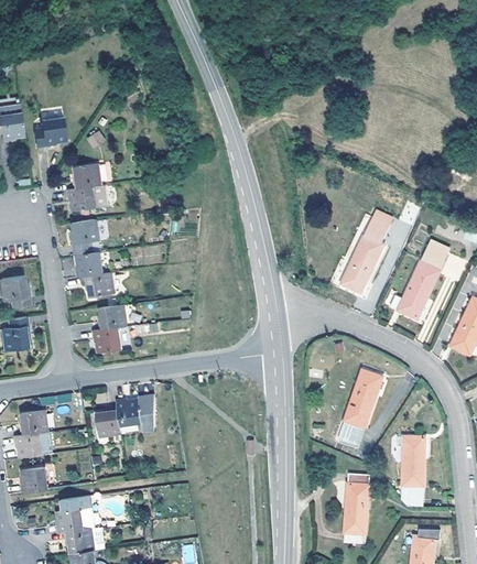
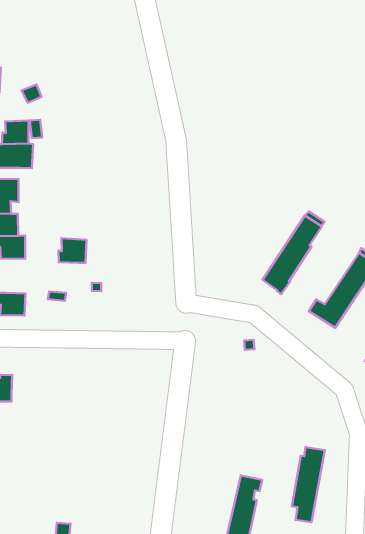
building: [97,305,124,330] -> [58,238,87,263]
building: [338,368,382,443] -> none
building: [116,397,152,432] -> none

